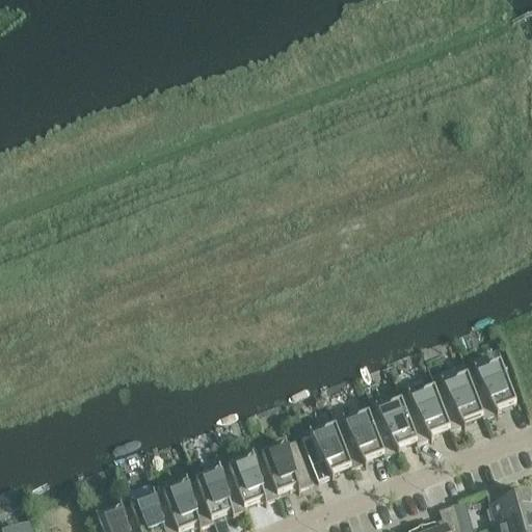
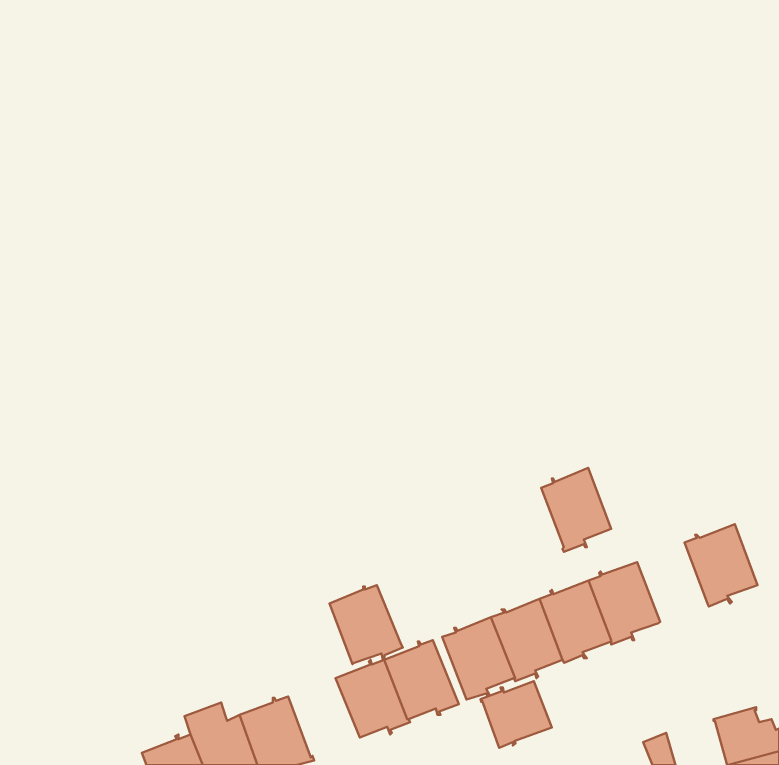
building: [434,370,482,427] -> [541,468,611,552]
building: [196,462,246,516] -> [330,585,403,664]
building: none -> [480,681,552,748]

